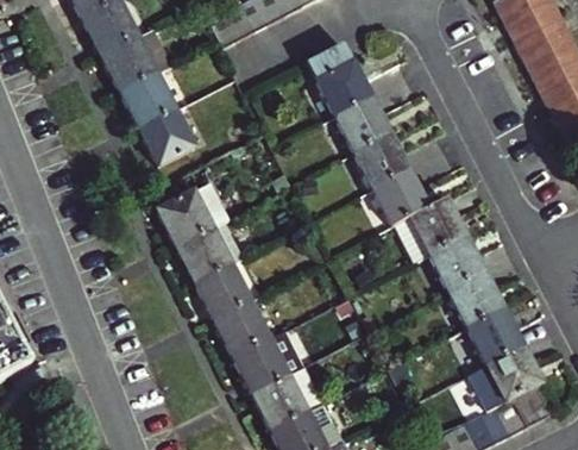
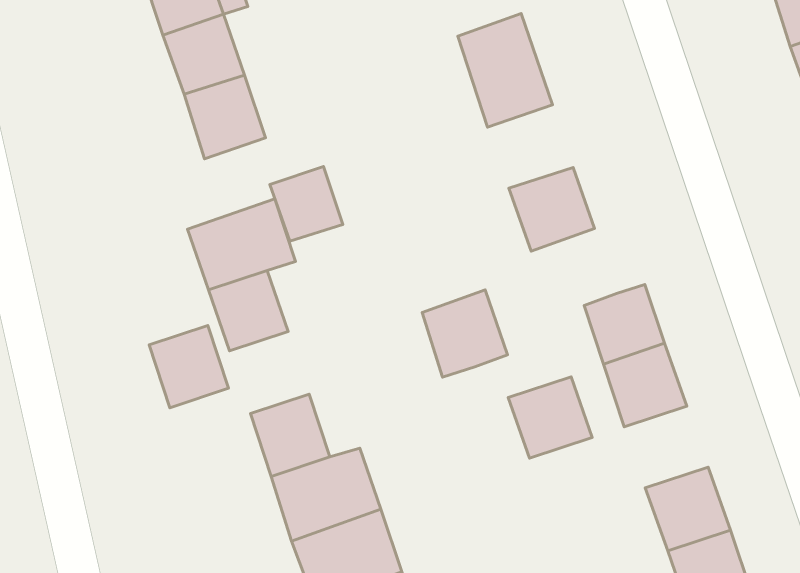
building: [332,94,389,150] -> none
building: none -> [270,167,343,241]
building: [371,167,428,225] -> [422,290,507,377]
building: [194,261,247,315] -> [149,326,229,408]
building: [446,268,502,323] -> [508,377,592,458]

